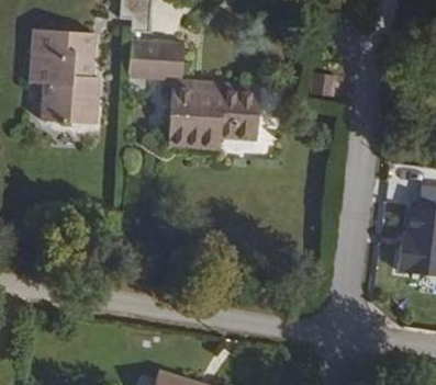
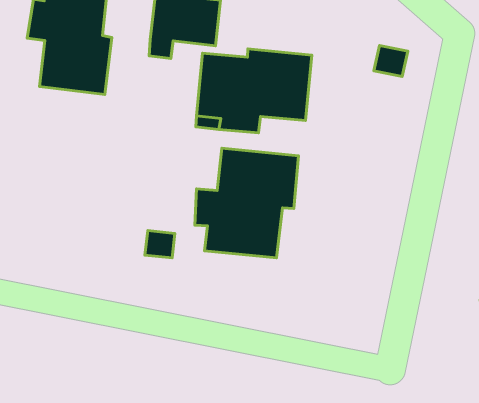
building: none -> [195,148,299,258]

